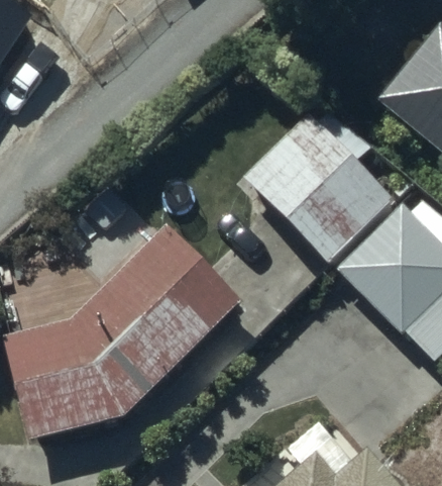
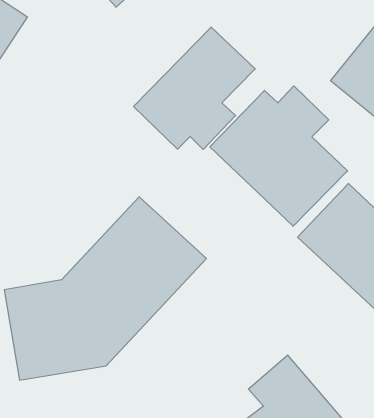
building: none -> [134,27,255,149]

